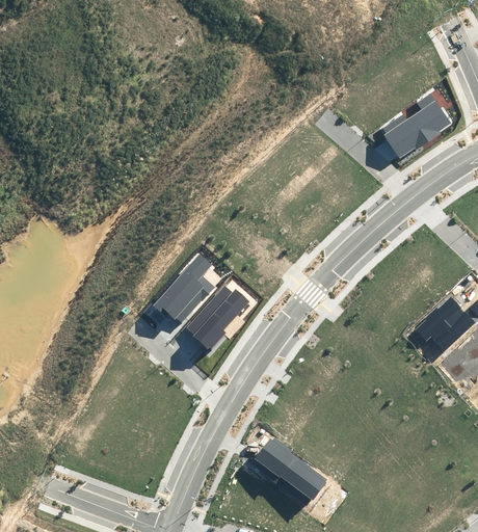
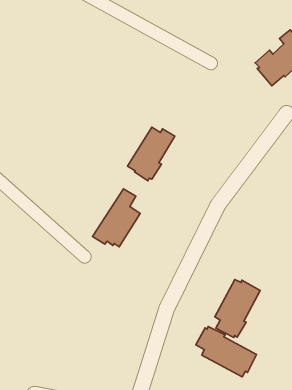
building: [185,285,248,349] -> [128,127,175,181]
building: none -> [215,279,260,338]

